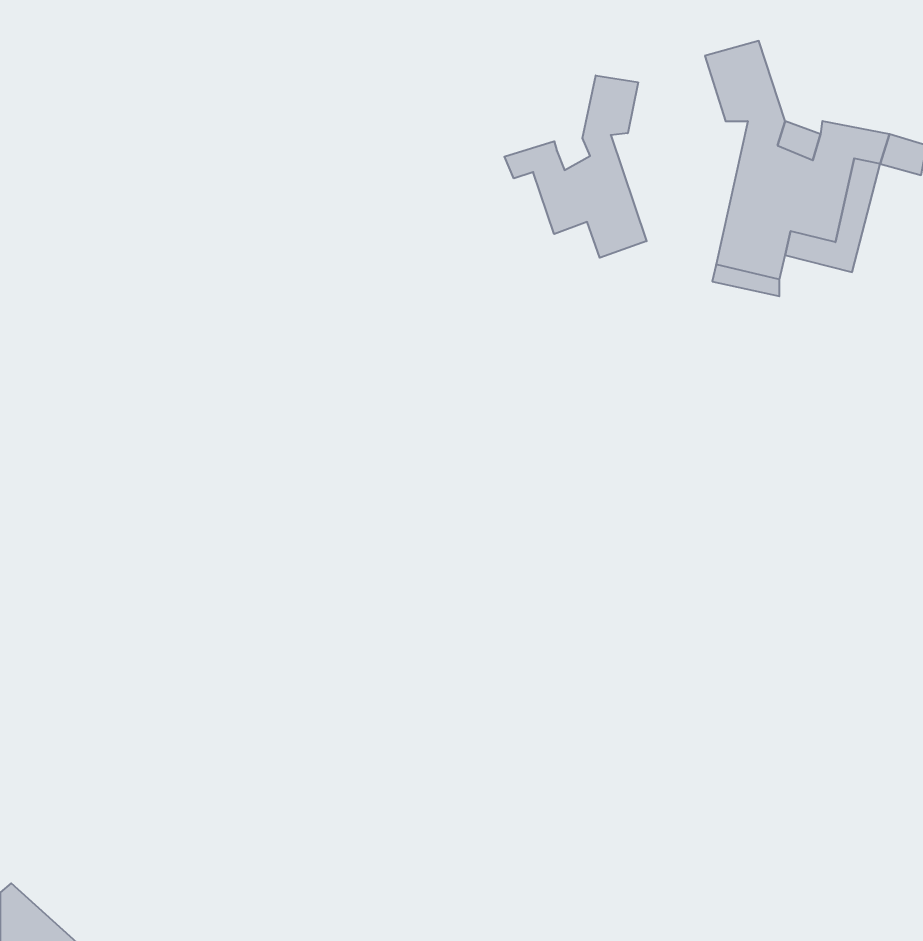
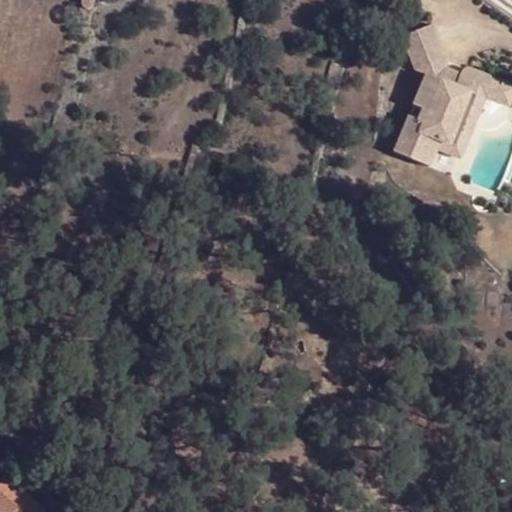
building: [504,75,647,258] -> none

